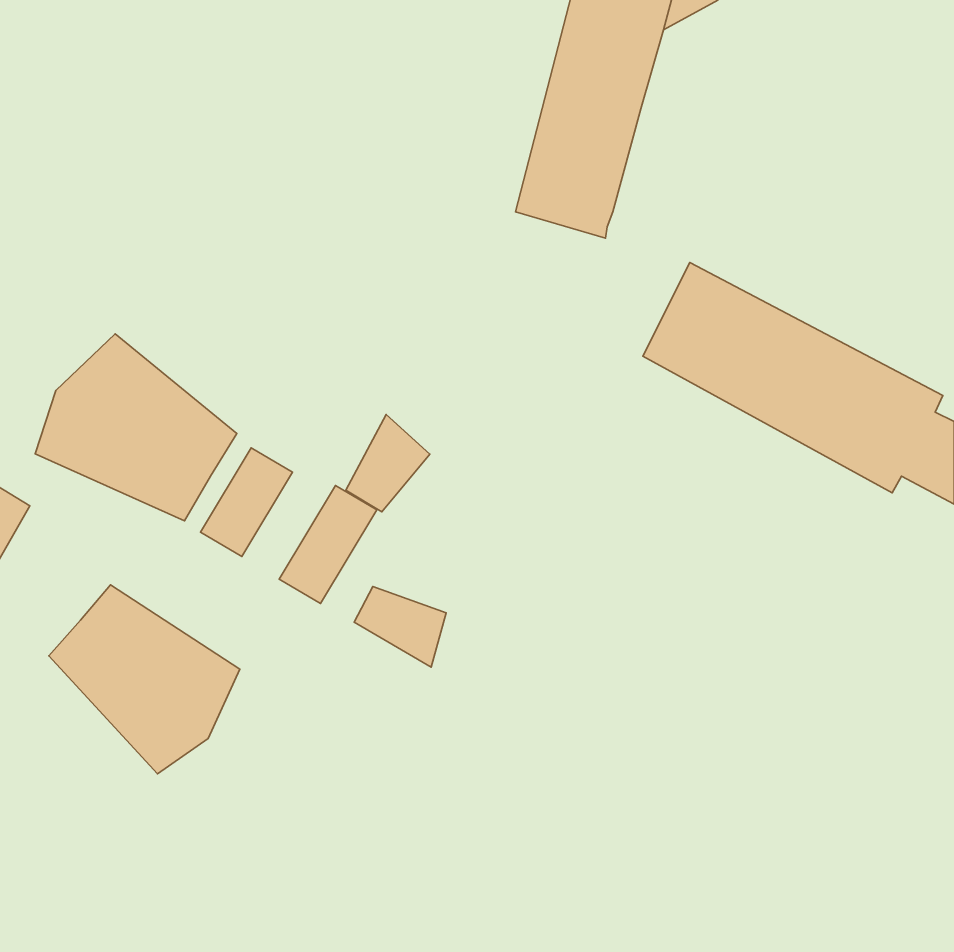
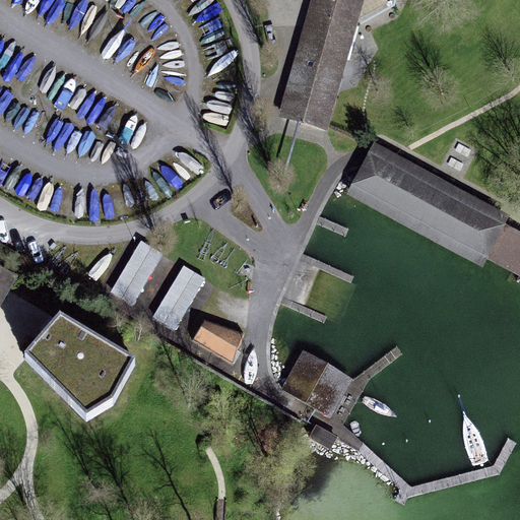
building: [35,334,237,521] -> none
building: [346,415,430,512] -> none
building: none -> [280,348,354,416]

